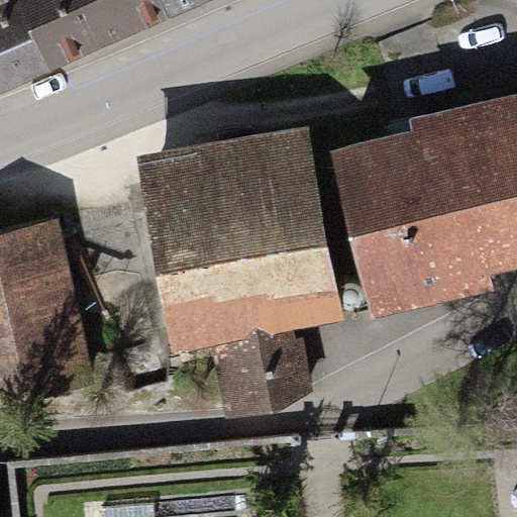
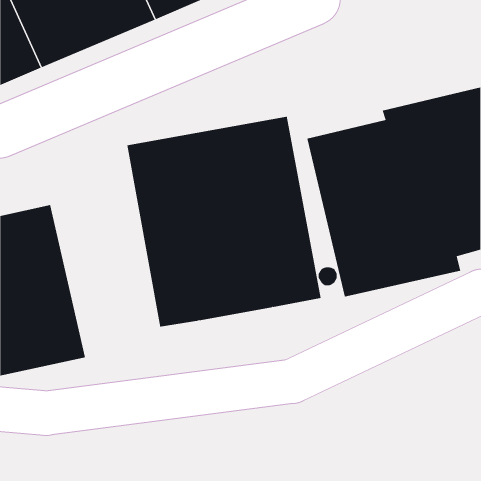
building: [213,329,312,409] -> none

